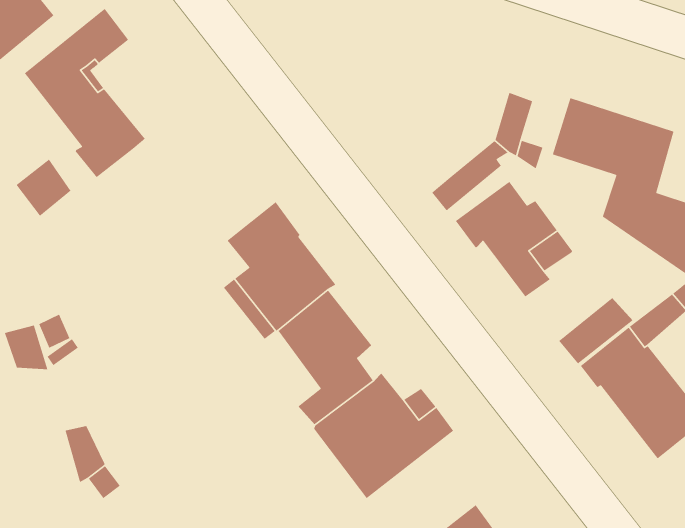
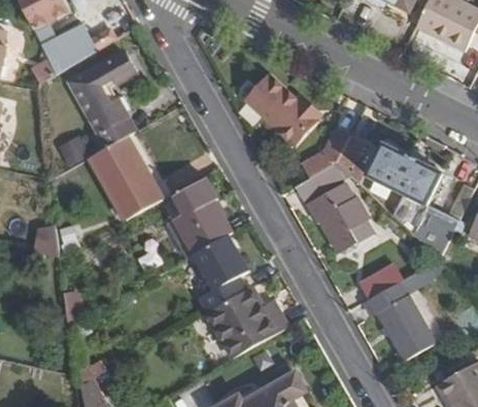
building: none -> [246,75,318,144]
building: none -> [301,127,349,177]
building: none -> [88,135,161,218]

